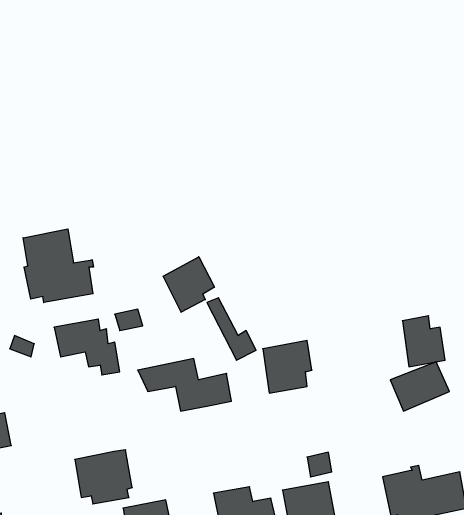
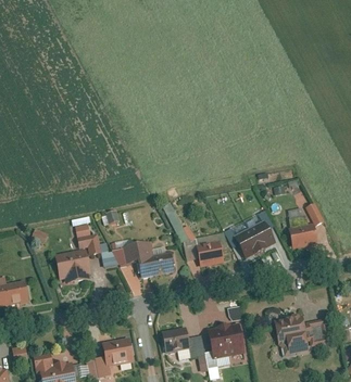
building: [23,229,93,303] -> none
building: [163,257,214,312] -> none
building: [390,362,449,411] -> [231,224,271,256]
building: [75,450,132,504] -> [54,247,92,283]

